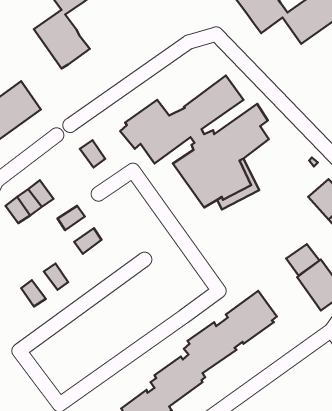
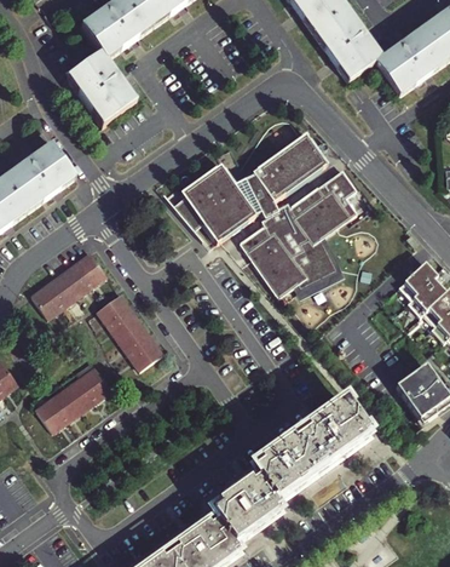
building: [80,140,105,168] -> [74,252,105,286]
building: none -> [105,308,140,339]
building: none -> [127,337,162,370]
building: [286,244,319,276] -> none
building: none -> [64,376,96,409]
building: none -> [35,396,67,430]

